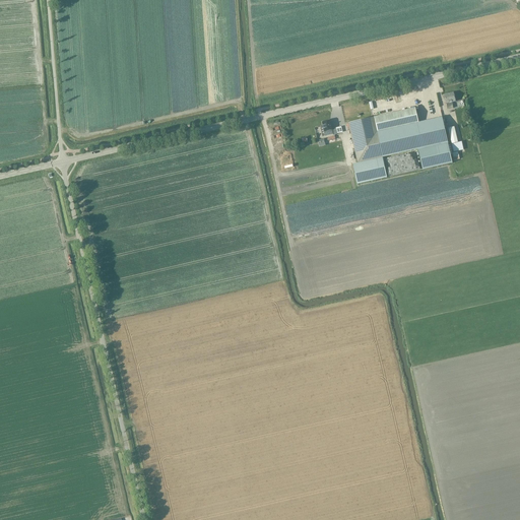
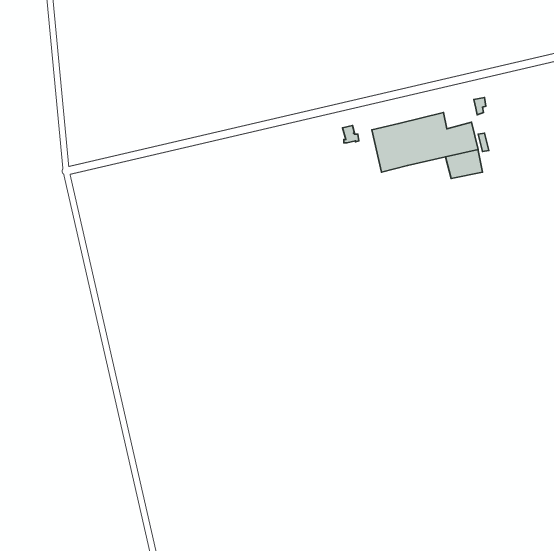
building: [352,155,387,183] -> none

